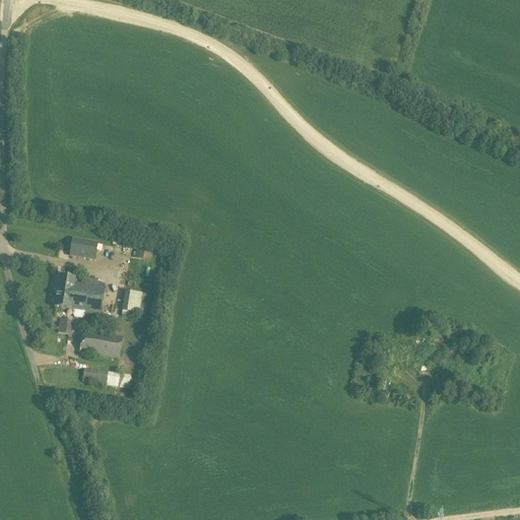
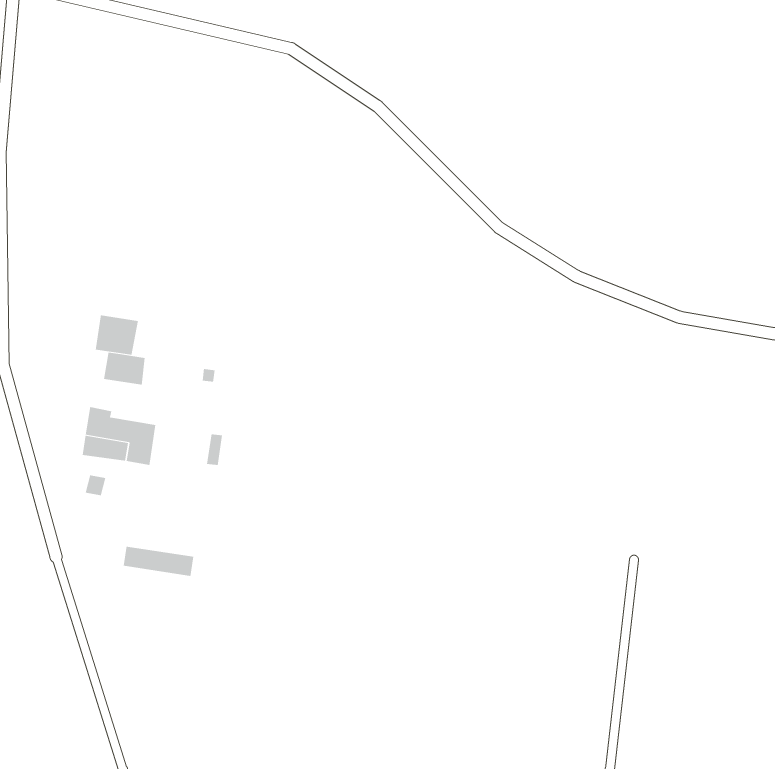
building: none -> [95,315,138,355]
building: [79,328,123,355] -> none

